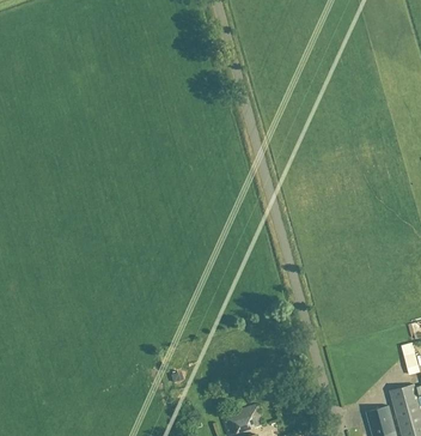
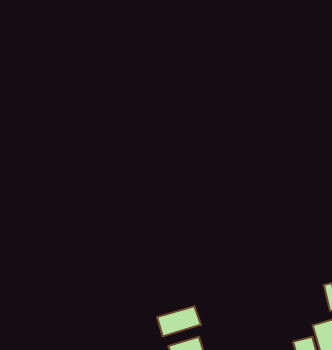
building: none -> [157,306,201,336]

